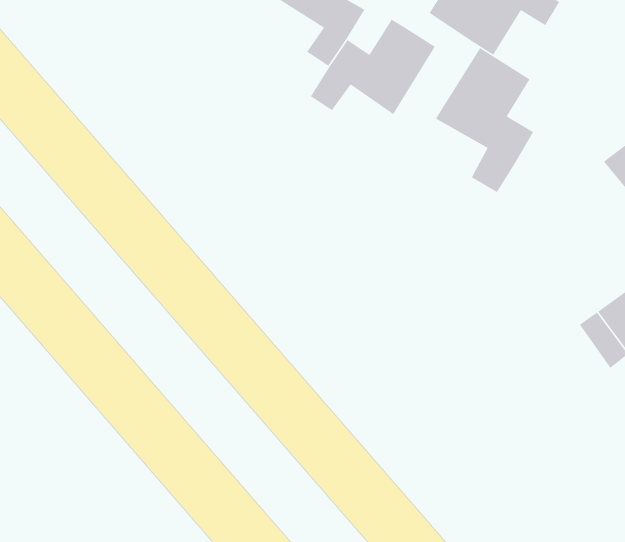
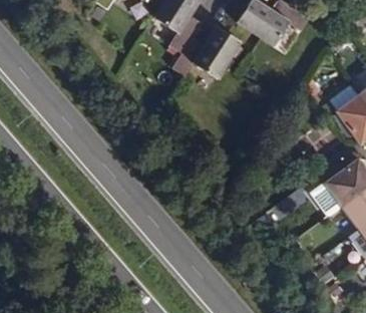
building: [435,47,534,193] -> none

